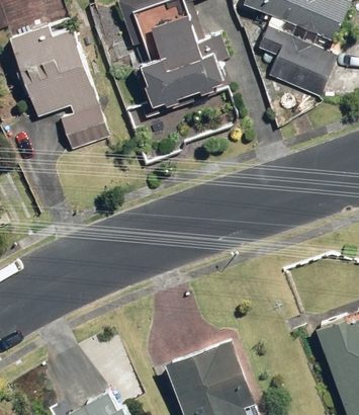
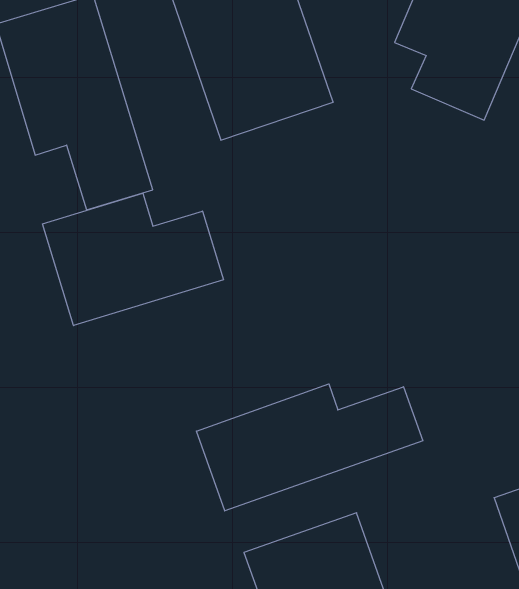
building: none -> [43,193,224,326]
building: none -> [196,384,423,511]

